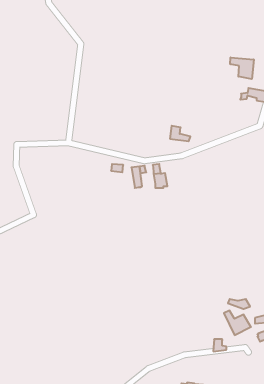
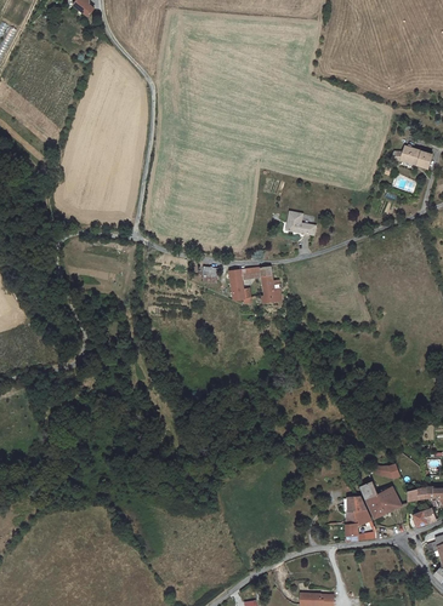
building: [230,57,254,79] -> none
building: none -> [348,494,374,526]

